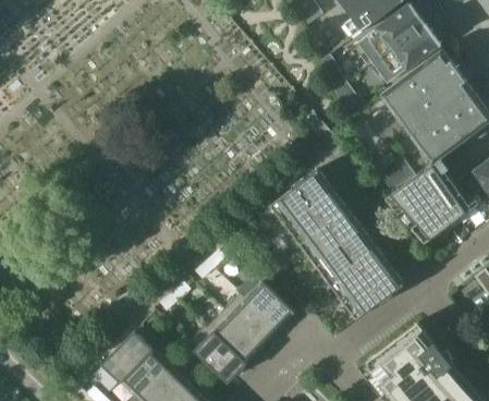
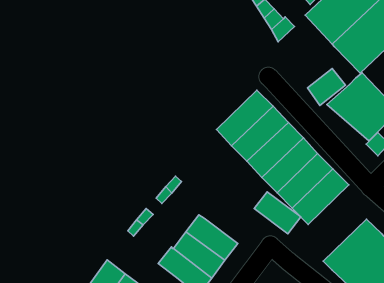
building: [245,283,294,331] -> [254,192,301,234]

